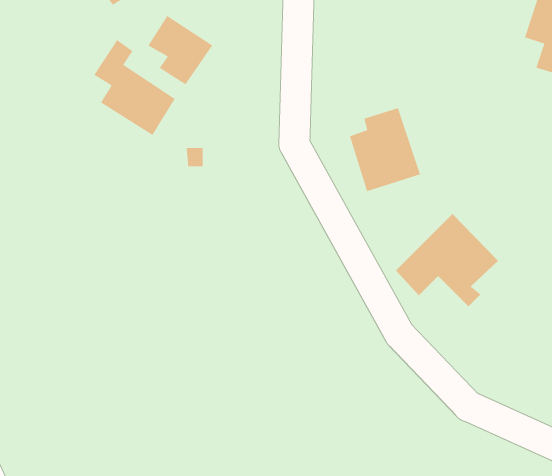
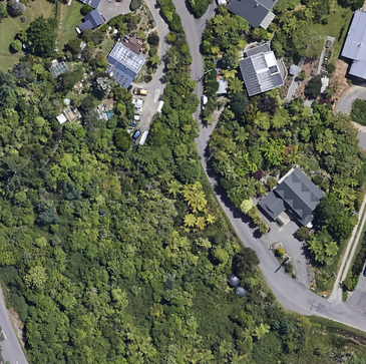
building: [93,39,175,136] -> none
building: [349,107,421,192] -> [239,42,284,95]

